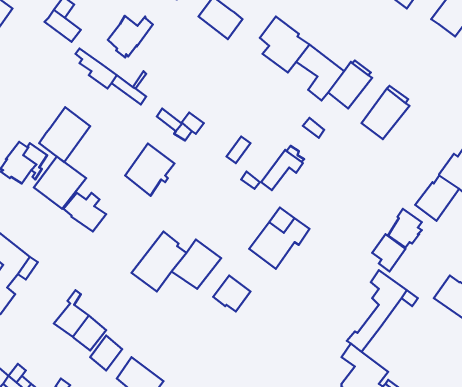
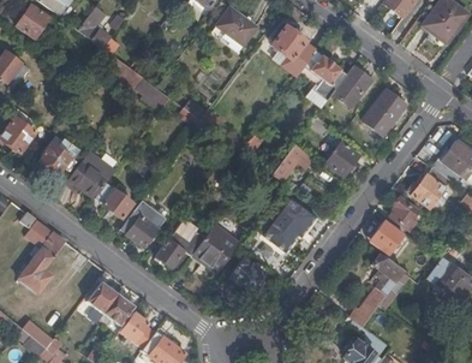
building: [108,16,153,58] -> none
building: [39,107,90,162] -> none
building: [125,144,175,196] -> [121,200,166,246]
building: none -> [325,142,359,175]

